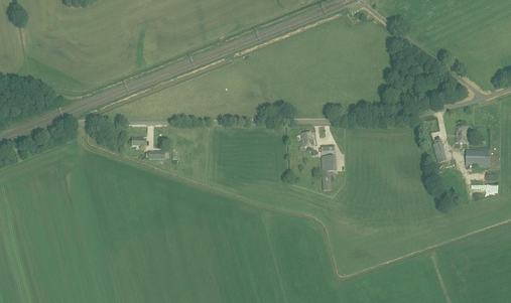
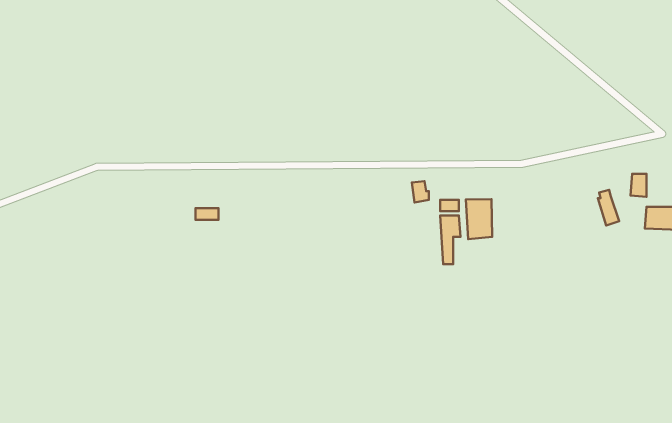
building: none -> [466,199,492,239]

